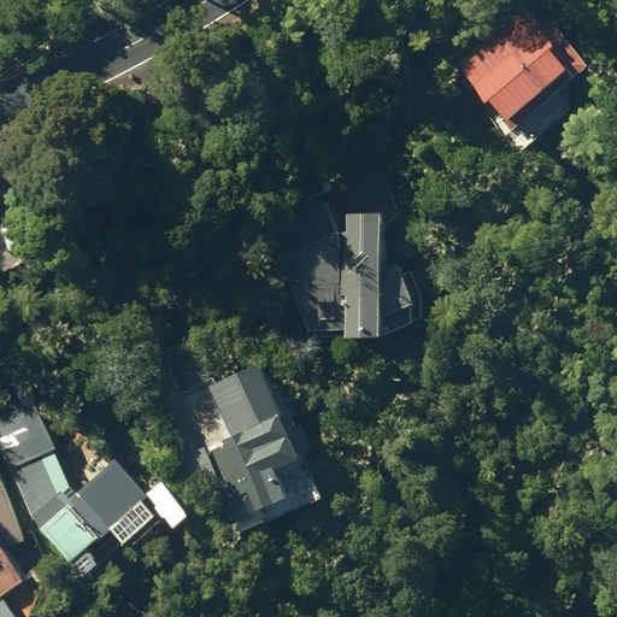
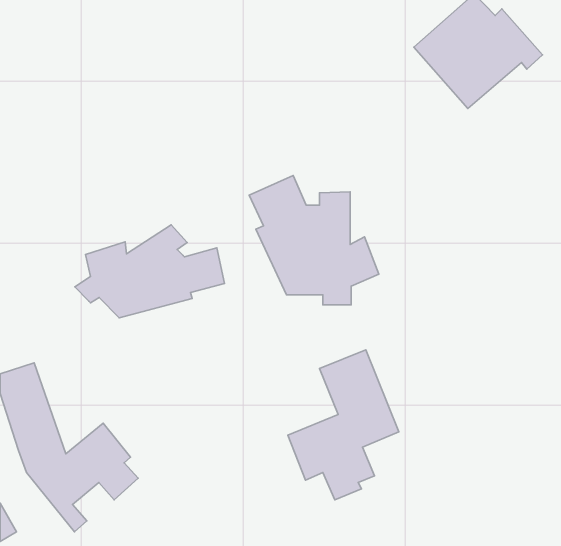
building: none -> [75,225,224,318]
building: [182,376,304,541] -> [288,350,399,500]

